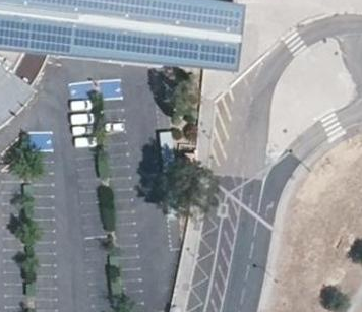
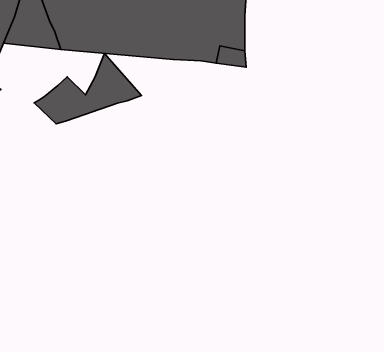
building: none -> [34,53,142,124]

